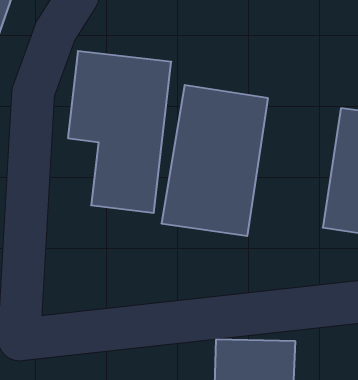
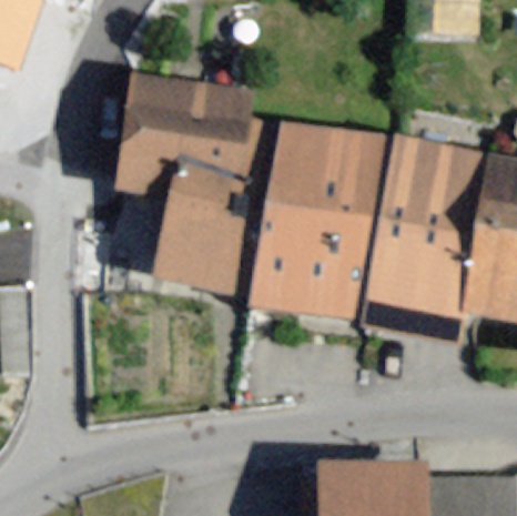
building: none -> [361,138,486,336]

